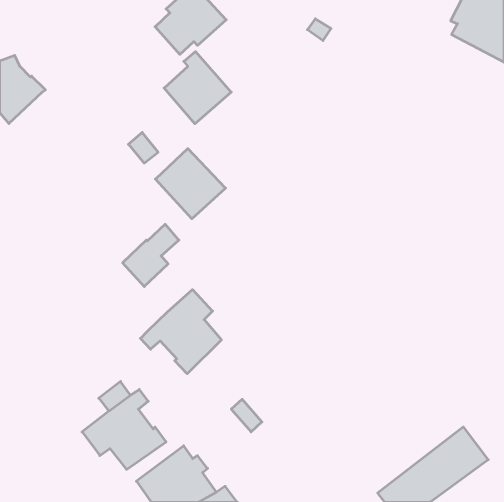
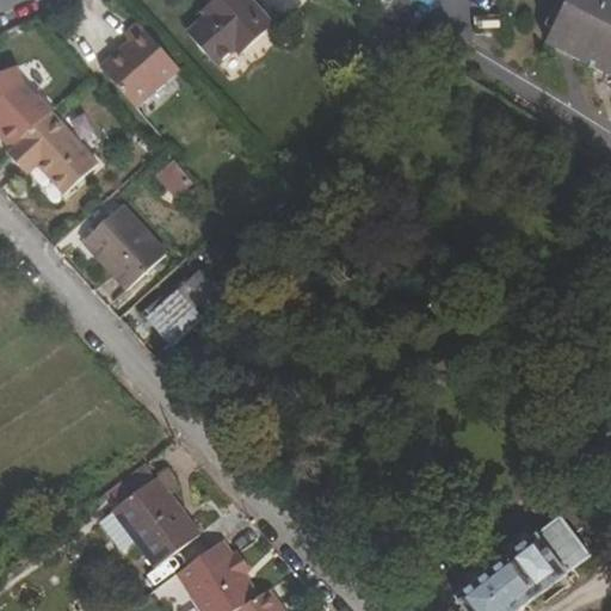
building: [164,52,231,124] -> [99,21,180,109]
building: none -> [7,111,99,193]
building: [155,149,226,219] -> [84,205,168,290]
building: [140,290,221,374] -> none

